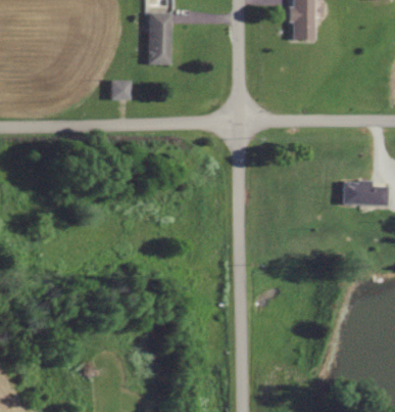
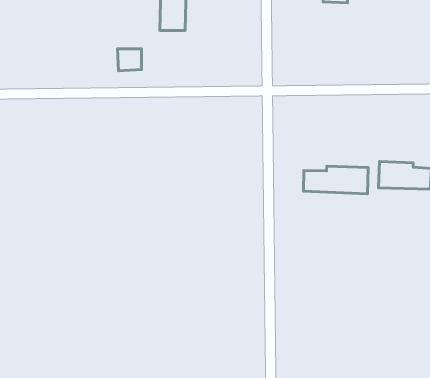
building: none -> [304,166,368,194]

